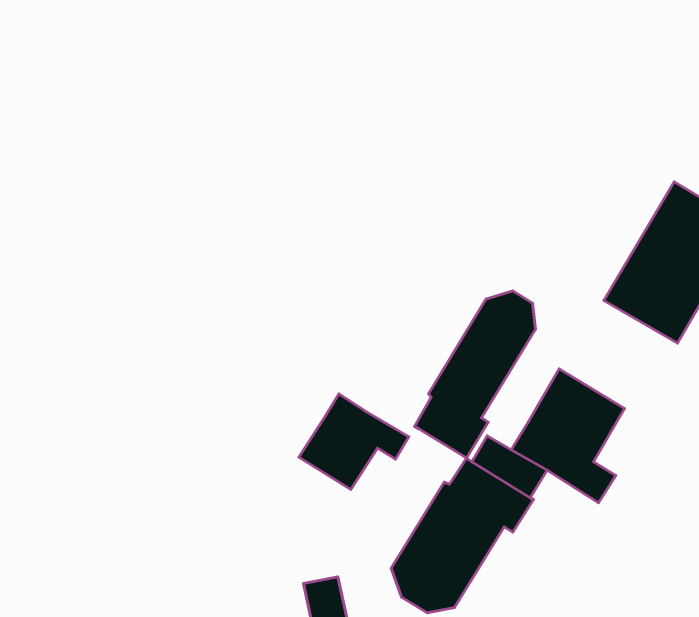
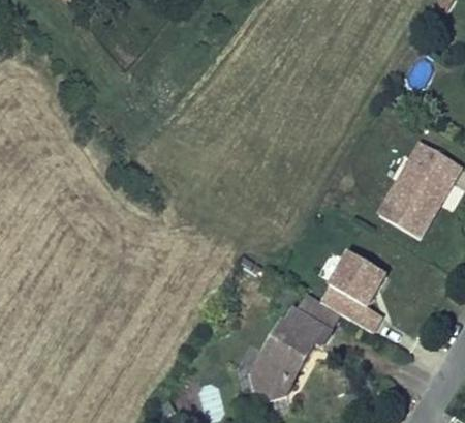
building: [414,291,535,458] -> none
building: [299,394,409,489] -> none

